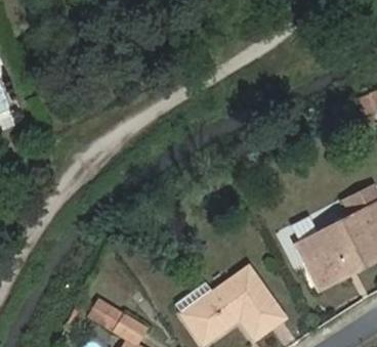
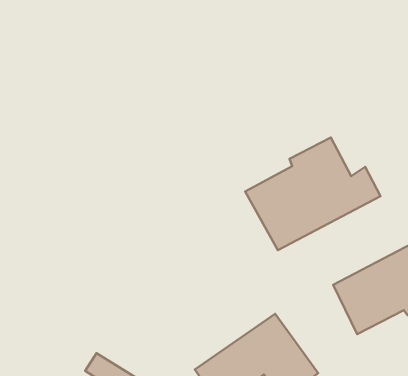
building: none -> [245,138,381,250]

